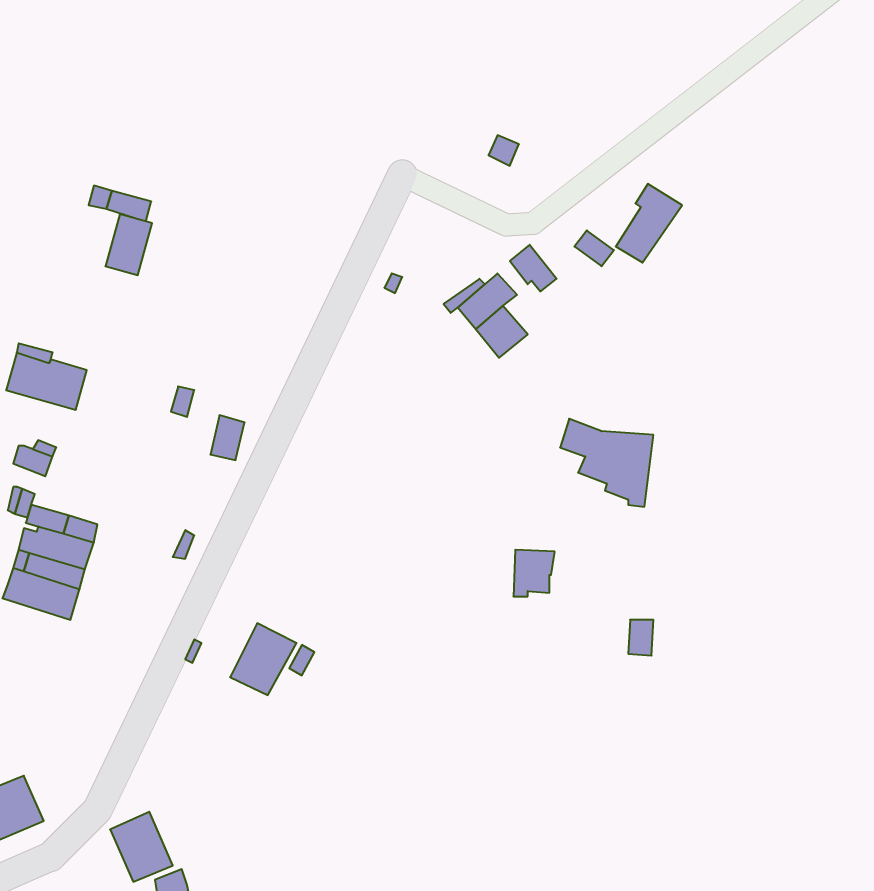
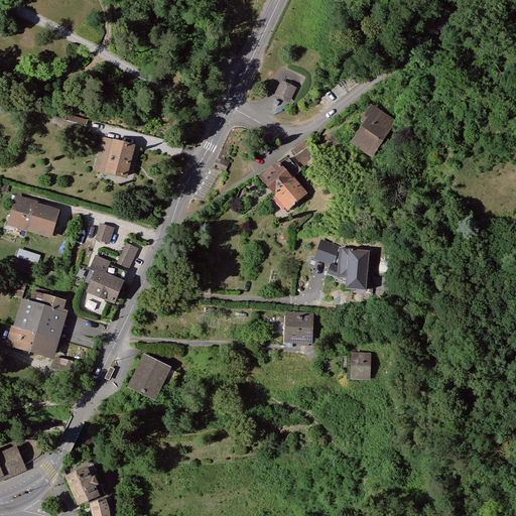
building: [105,214,152,275] -> [105,144,131,178]
building: none -> [85,257,122,300]

